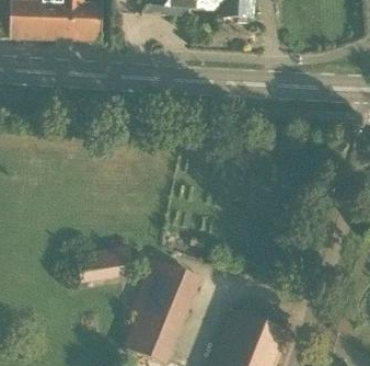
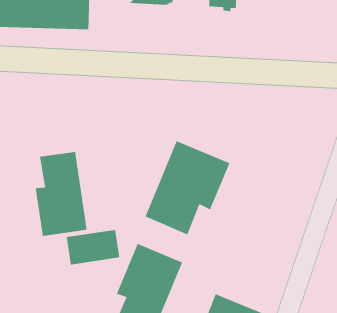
building: none -> [144,140,230,236]
building: none -> [35,151,87,237]

